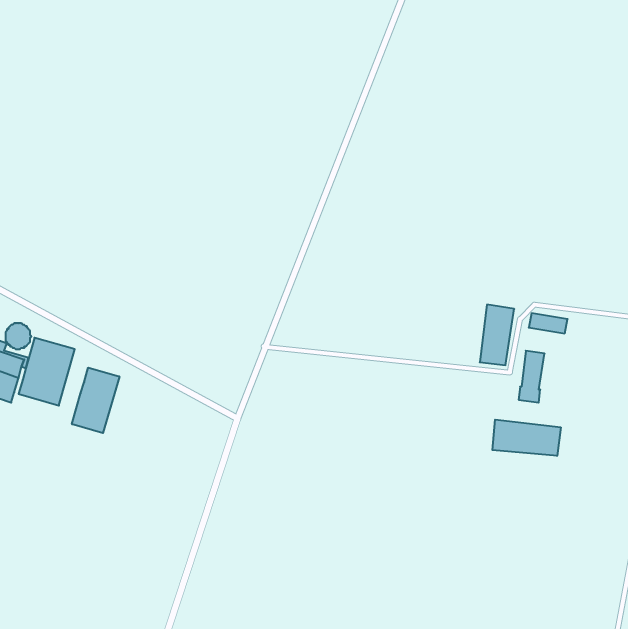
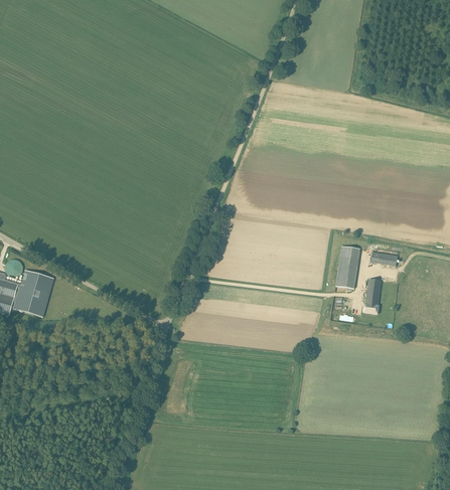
building: [72,368,119,433] -> none
building: [492,420,561,456] -> none

